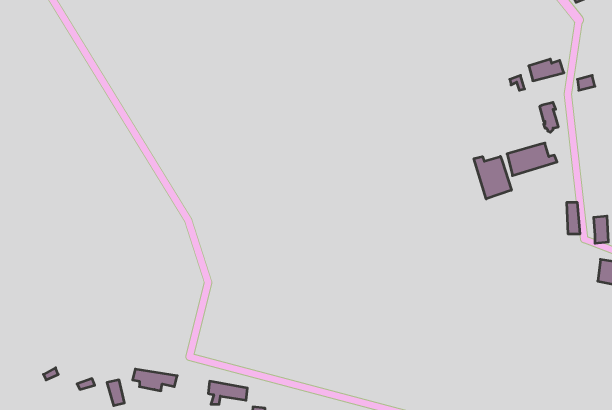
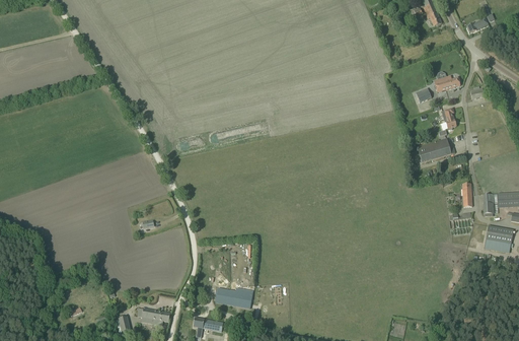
building: [474,156,511,199] -> none
building: none -> [215,288,252,310]

